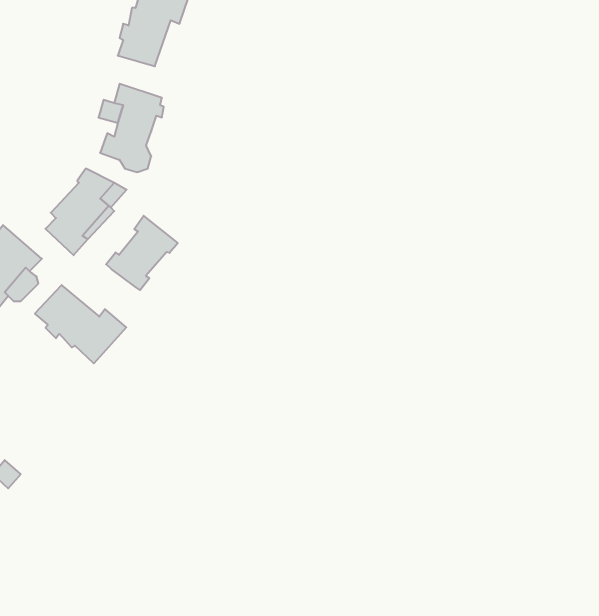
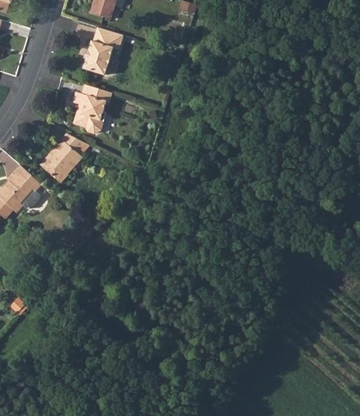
building: [106,216,178,290] -> none
building: [35,285,126,363] -> none

